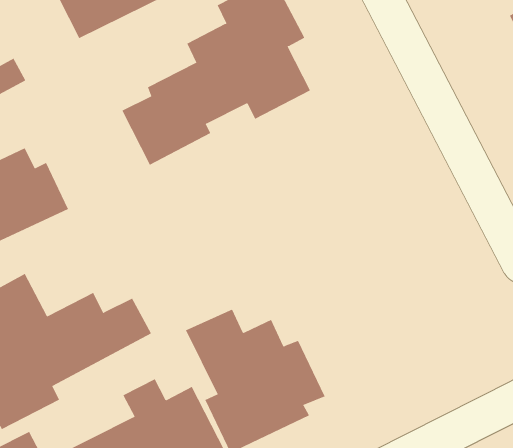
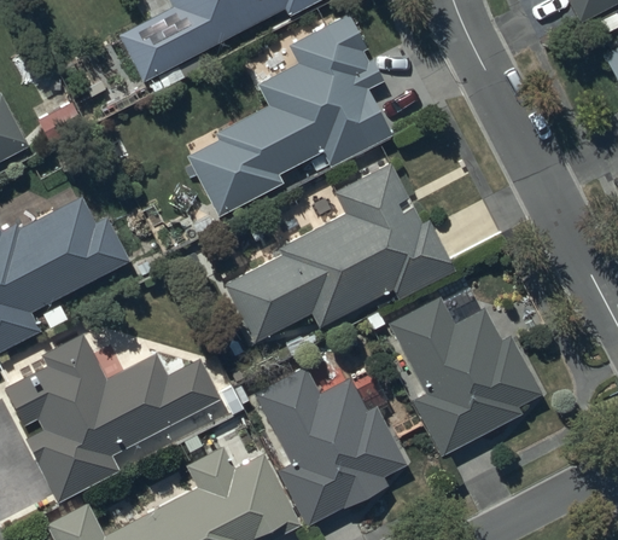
building: none -> [225,164,454,342]
building: none -> [389,295,542,458]

